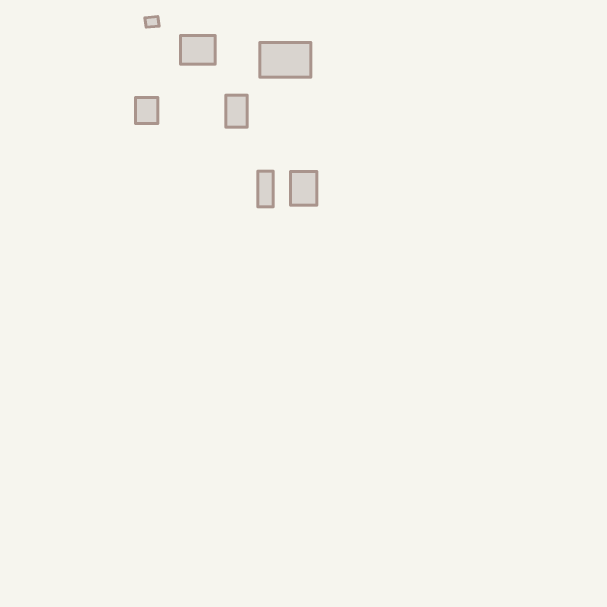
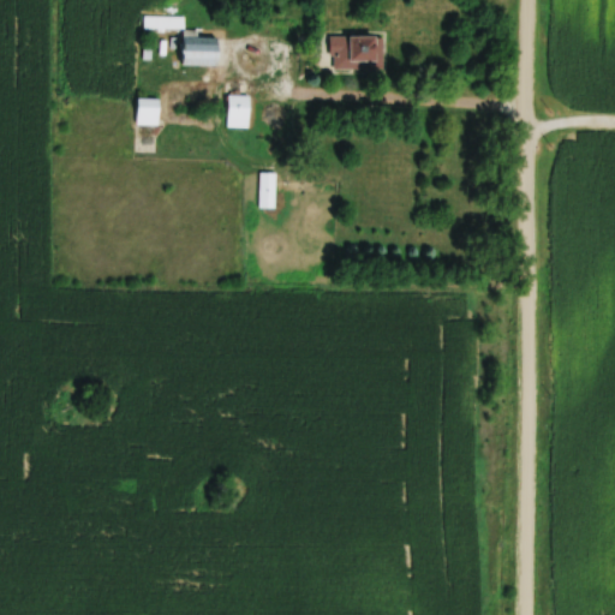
building: [260,43,311,77] -> [332,36,383,71]
building: [290,171,317,205] -> none

